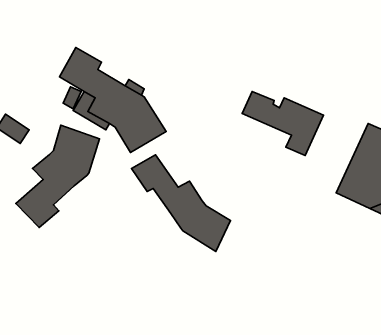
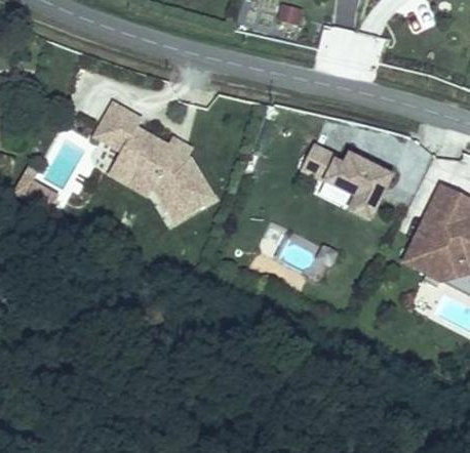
building: [16,125,99,228] -> none
building: [131,155,231,251] -> none

